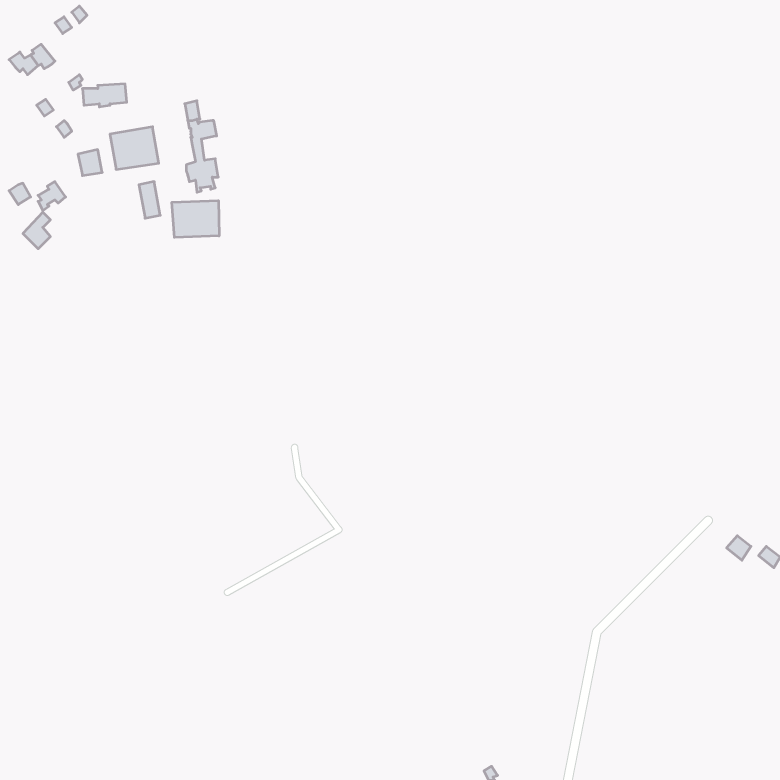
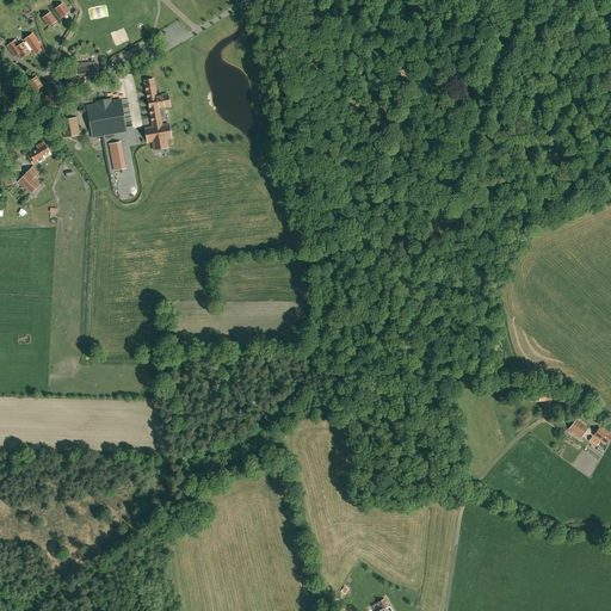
building: [172,201,219,237] -> none

